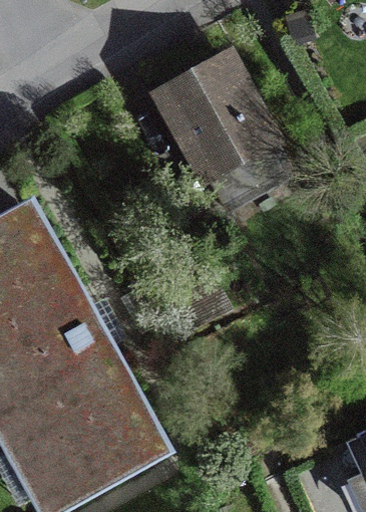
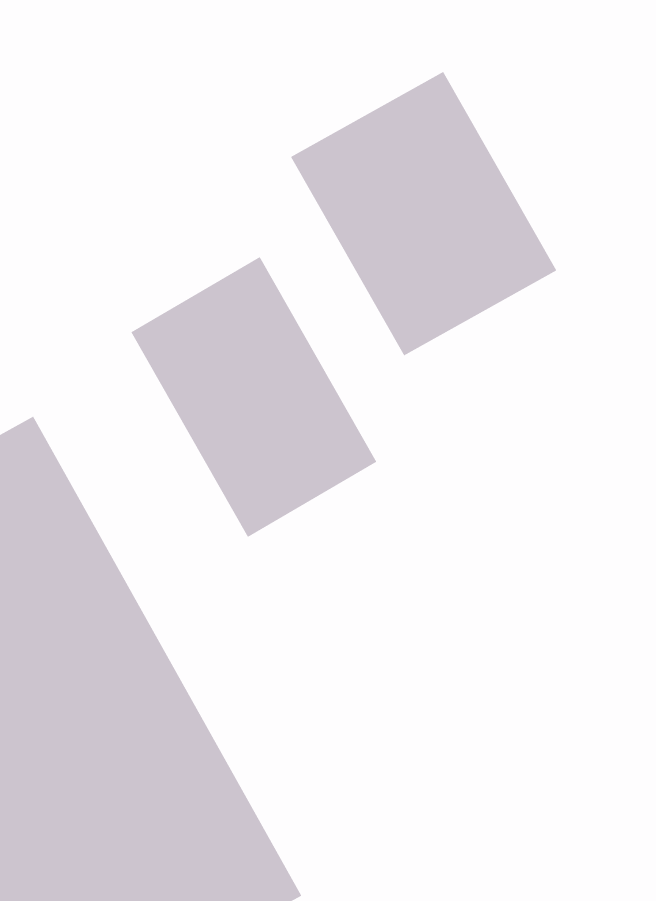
building: none -> [130,256,377,538]

